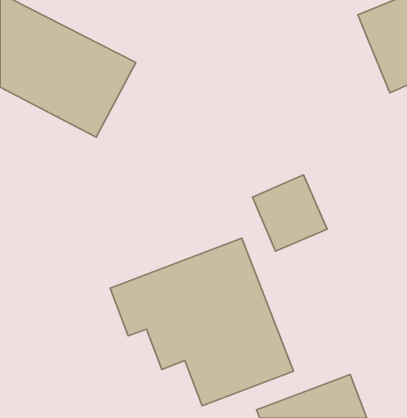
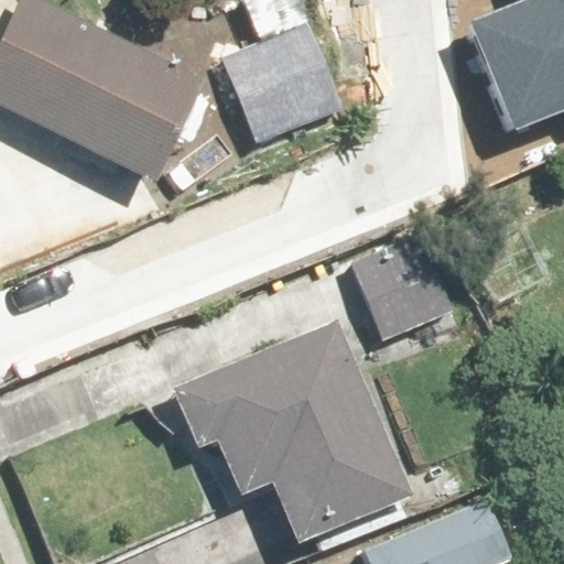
building: none -> [224,28,343,142]

